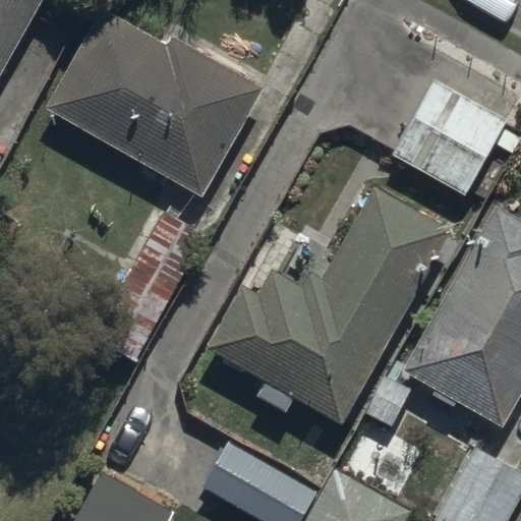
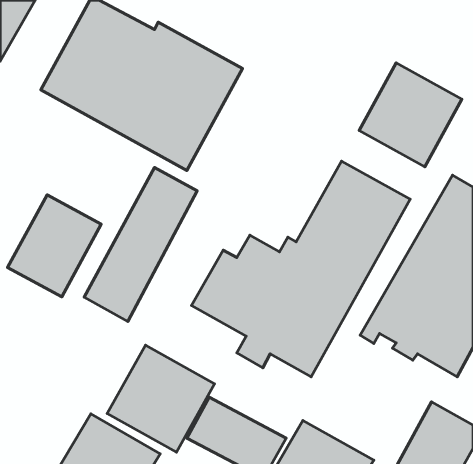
building: none -> [8,195,101,297]
building: none -> [107,345,215,452]

